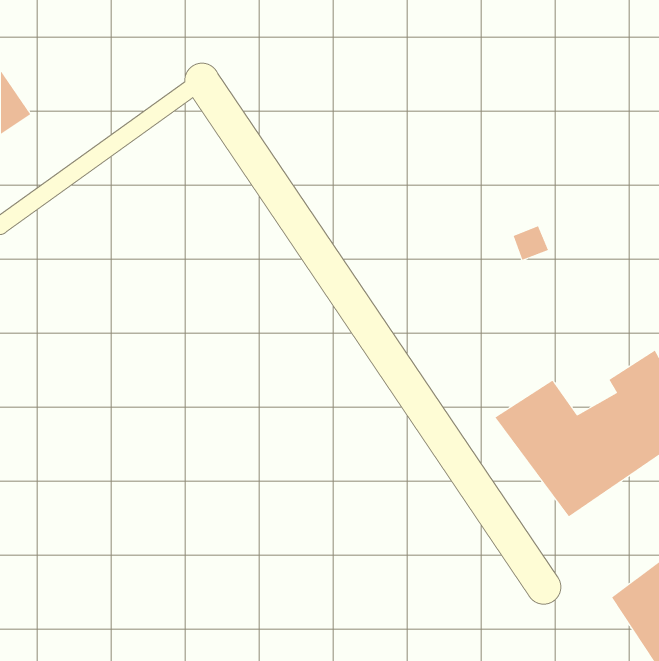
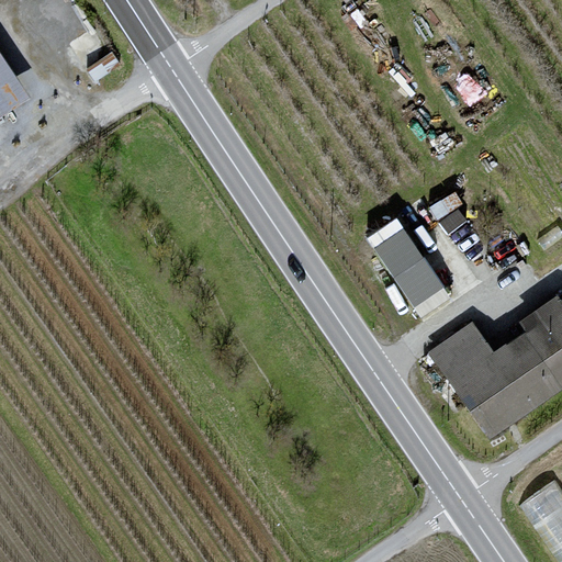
building: none -> [370,214,448,306]

